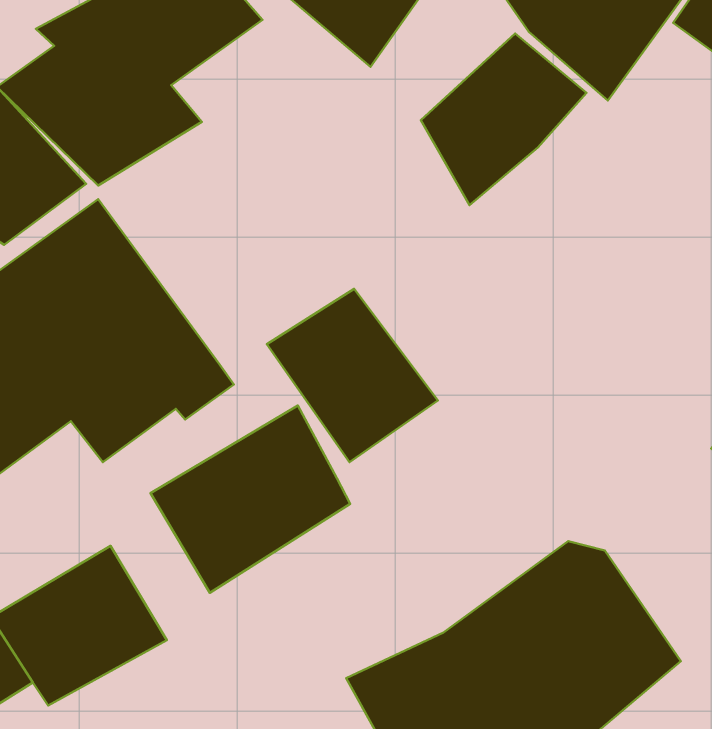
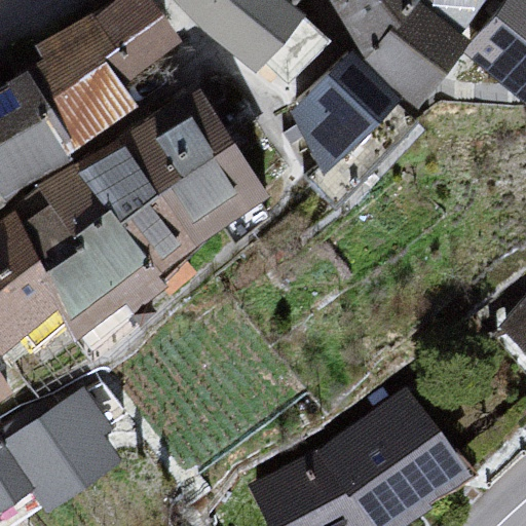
building: none -> [76,88,268,274]
building: [267,289,438,462] -> none
building: [151,405,350,593] -> none

